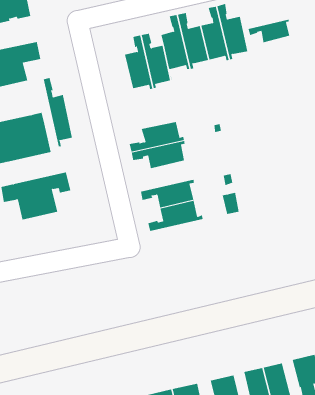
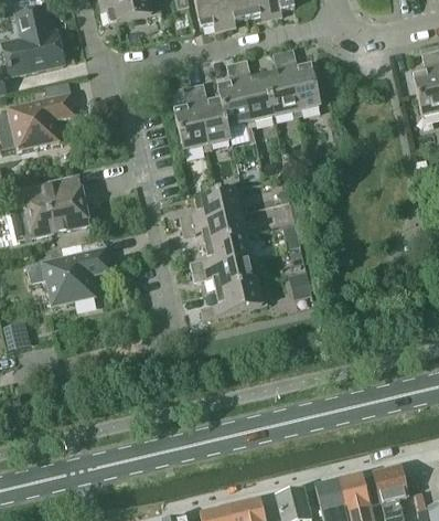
building: [248,19,290,43] -> none
building: [43,77,72,147] -> none
building: none -> [191,234,257,270]

